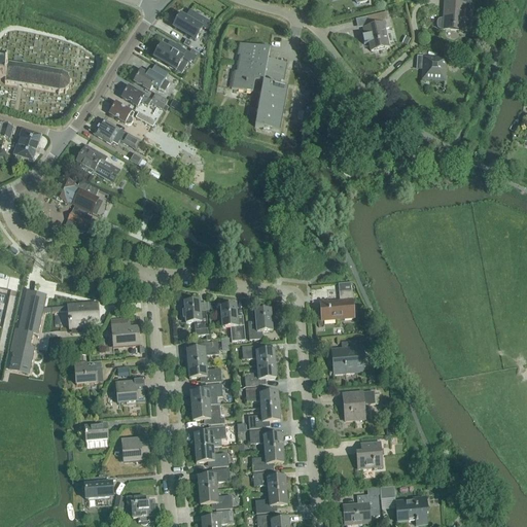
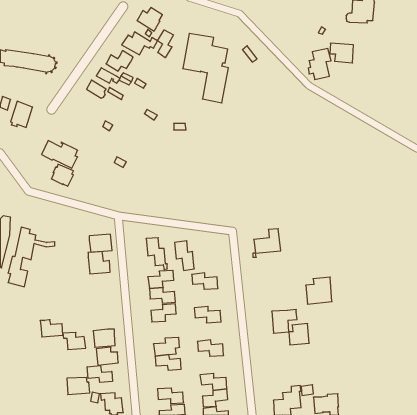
building: [362,10,391,49] -> [308,49,331,80]
building: none -> [157,30,173,58]
building: [94,118,133,144] -> none
building: [76,144,120,181] -> none
building: [69,303,98,325] -> [89,234,112,252]
building: [248,309,272,339] -> none
building: [331,339,364,373] -> [306,277,332,304]
building: [74,361,103,383] -> [40,320,63,337]
building: [244,363,276,386] -> none
building: [116,380,144,402] -> [93,329,115,347]
building: [191,405,224,424] -> none
building: [248,406,280,428] -> none
building: [356,441,382,467] -> [289,324,309,345]
building: [251,448,283,470] -> none
building: none -> [87,366,112,382]
building: [198,467,230,490] -> none

